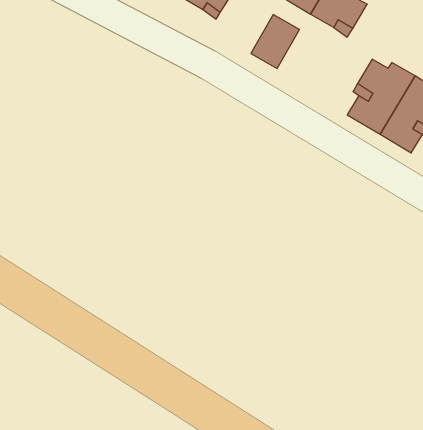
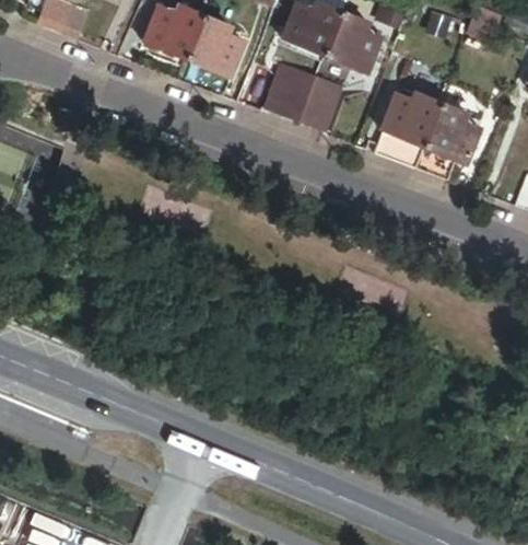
building: none -> [298,73,345,129]

